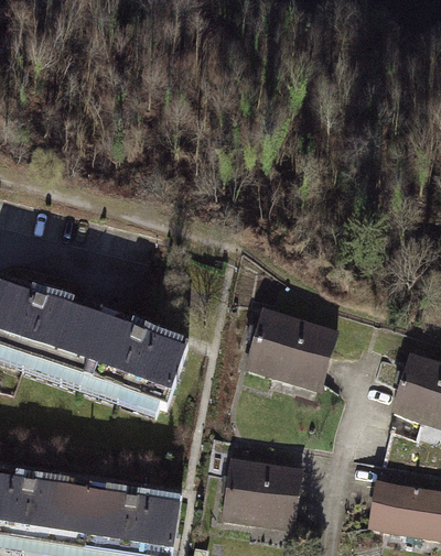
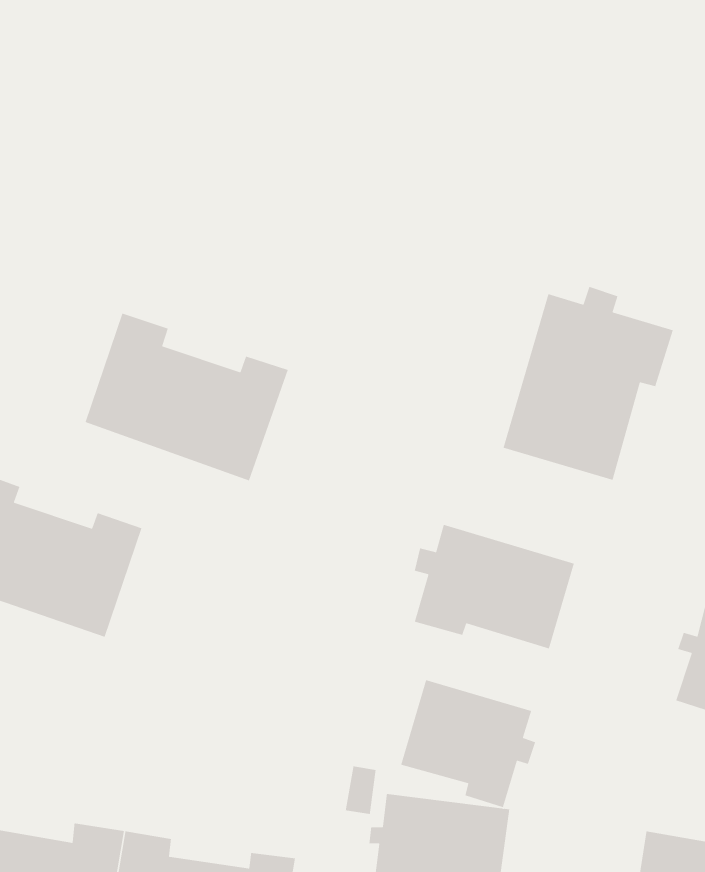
building: none -> [502,286,674,481]
building: [74,313,189,407] -> [84,312,289,481]
building: none -> [400,679,536,808]

